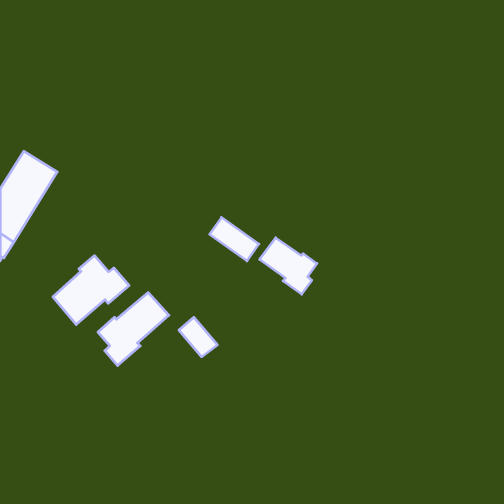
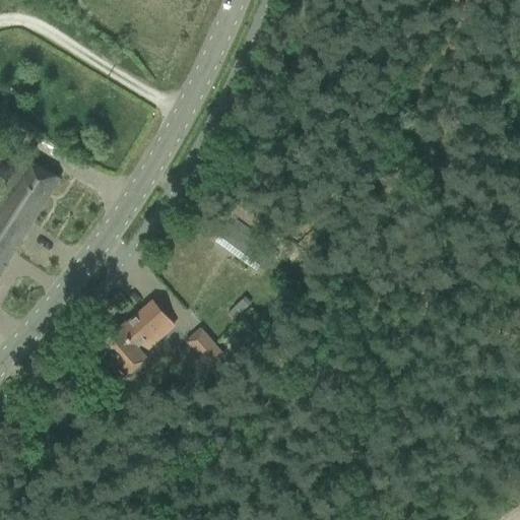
building: [260,238,317,294] -> none
building: [53,256,129,325] -> none

